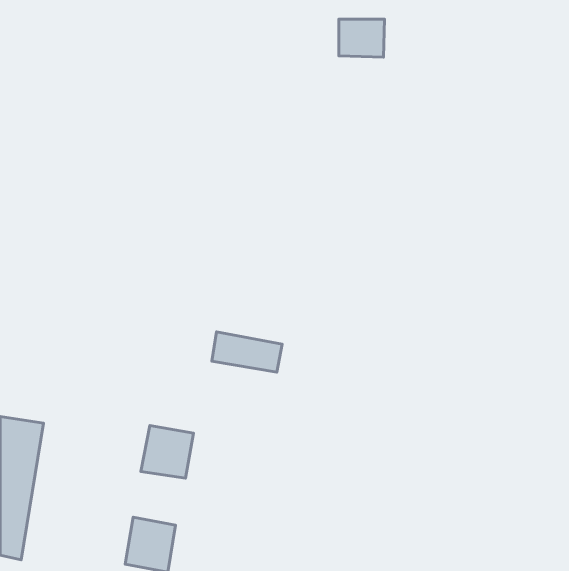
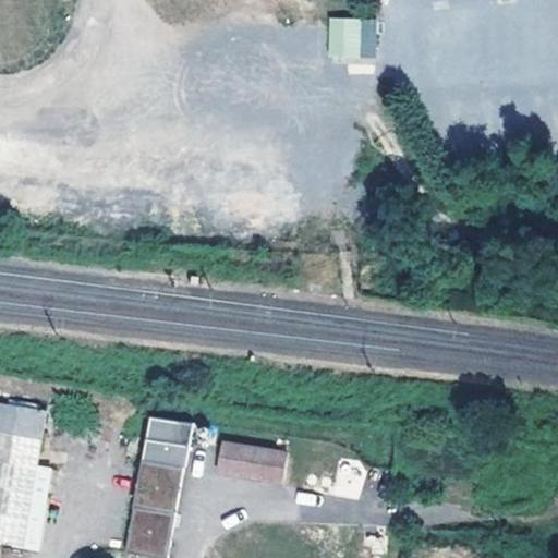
building: [212,332,282,372] -> [218,442,287,482]
building: none -> [132,460,183,512]

